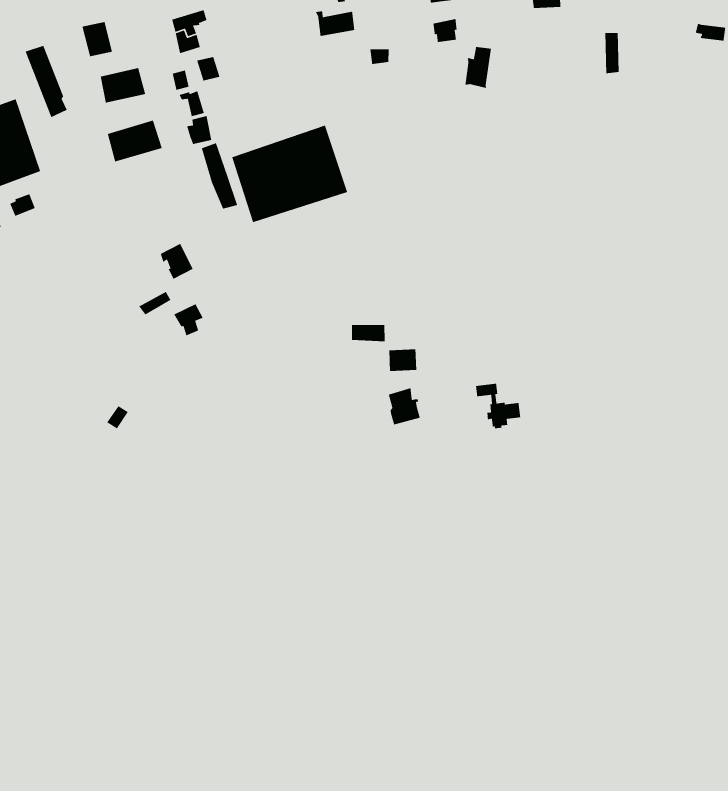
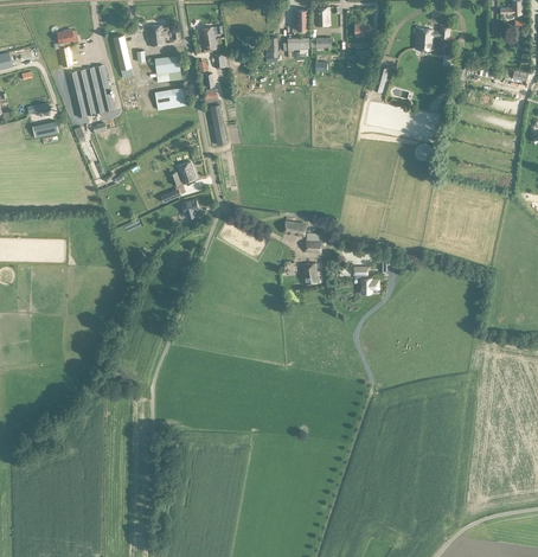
building: [231,124,348,223] -> none

